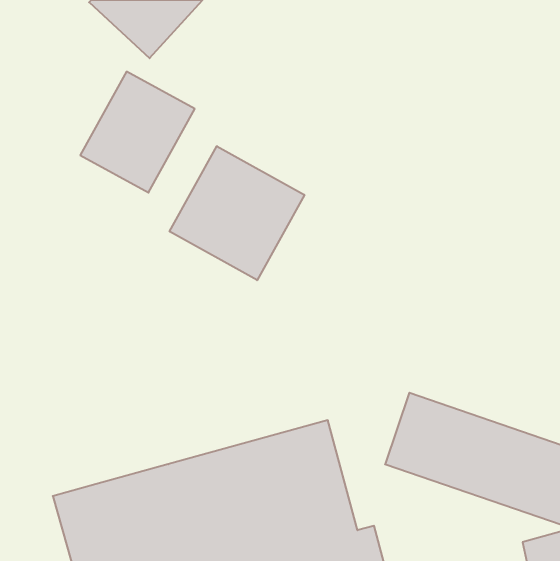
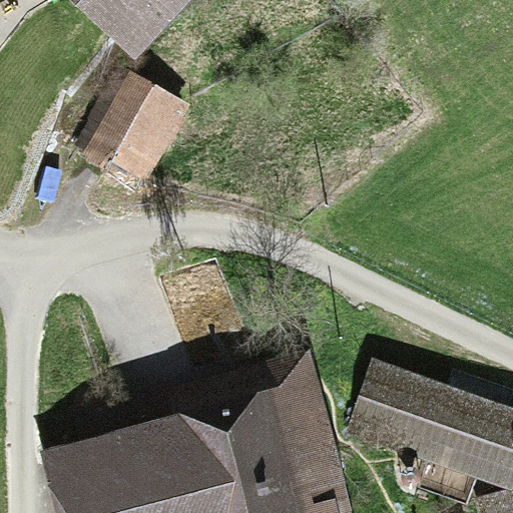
building: [170,146,304,280] -> none

